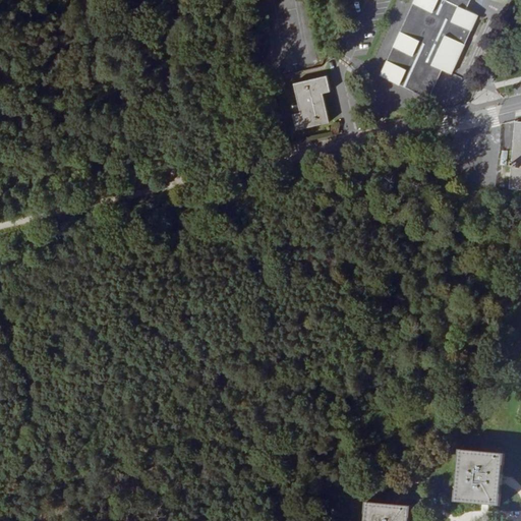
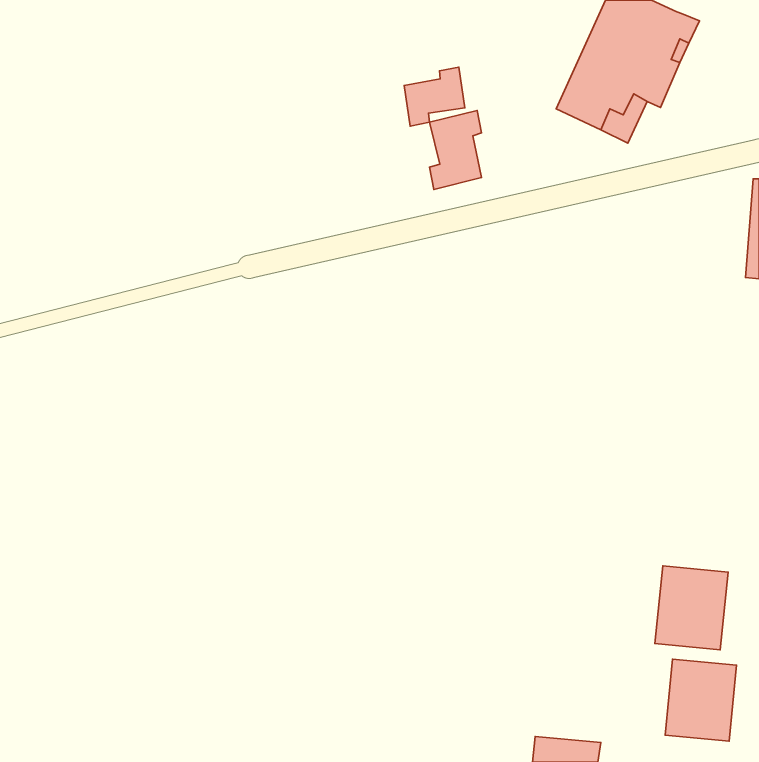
building: none -> [404,67,465,126]
building: none -> [655,566,728,650]

